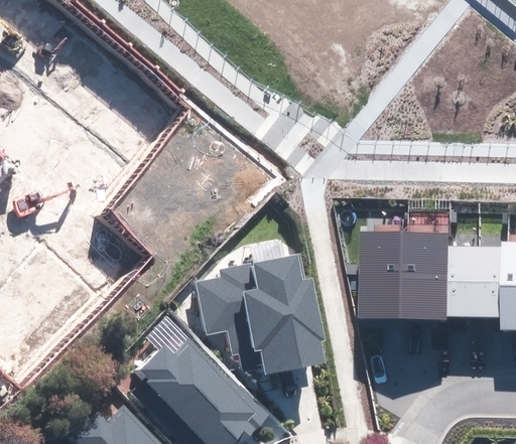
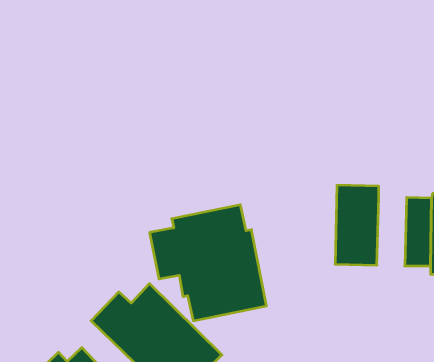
building: [360,231,401,317] -> none
building: [444,245,477,319] -> none

